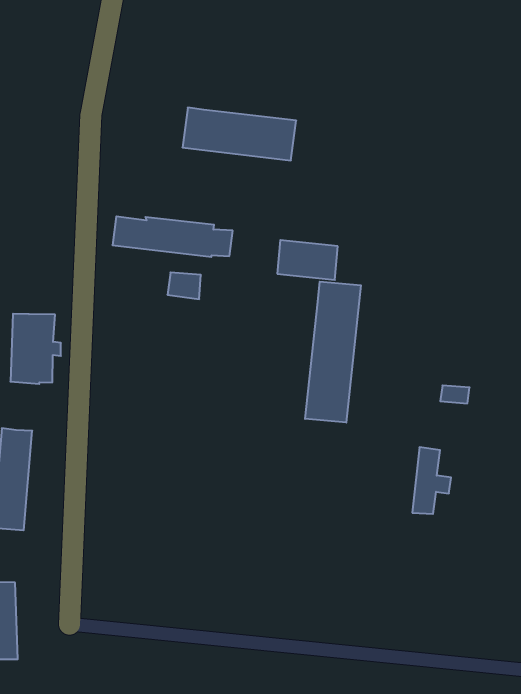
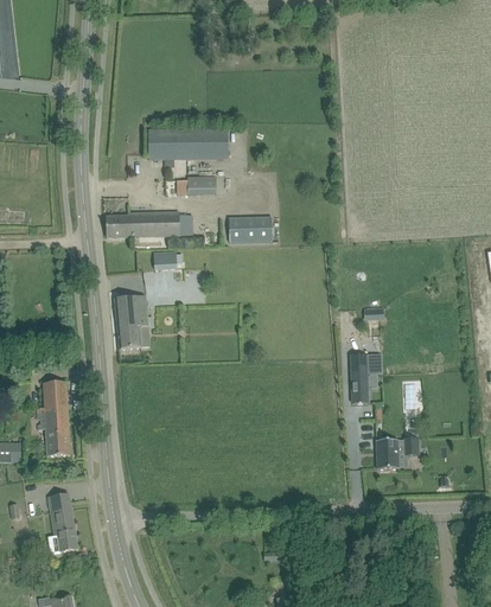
building: none -> [174,175,215,194]
building: [305,282,361,423] -> none
building: [10,314,61,384] -> [115,295,154,349]
building: none -> [376,437,419,468]

